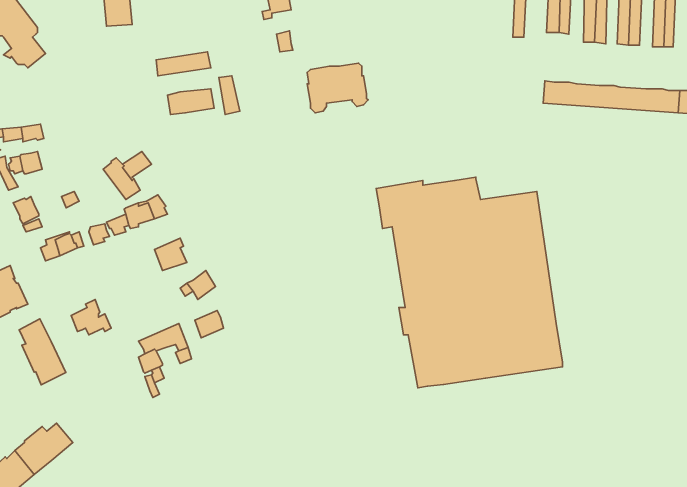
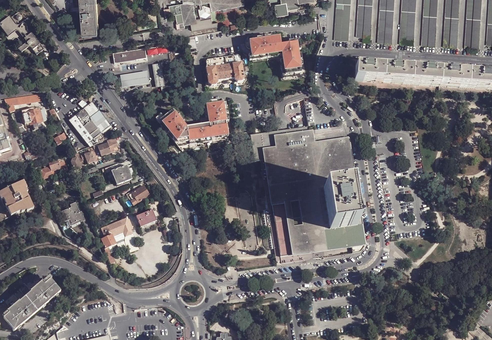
building: none -> [250,35,302,74]
building: none -> [161,98,229,142]
building: [19,319,66,385] -> none

